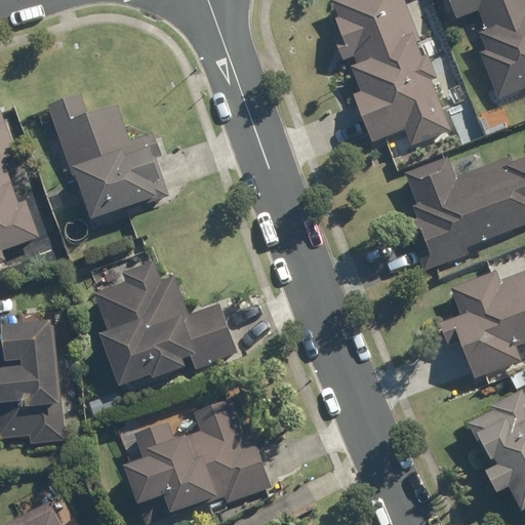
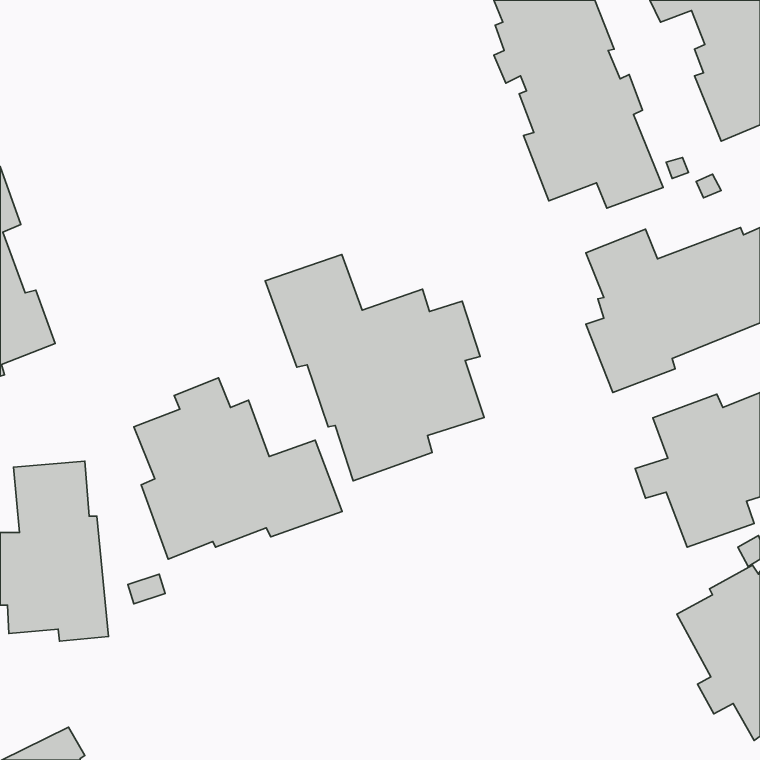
building: [47,94,159,217] -> none
building: none -> [265,255,484,481]
building: [137,398,277,520] -> none

